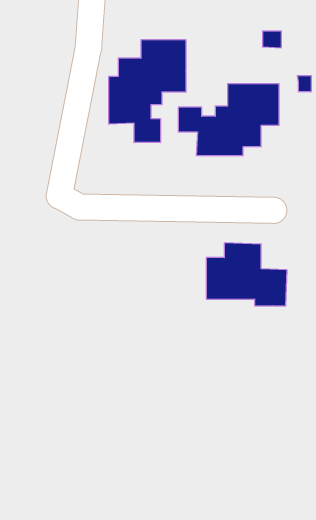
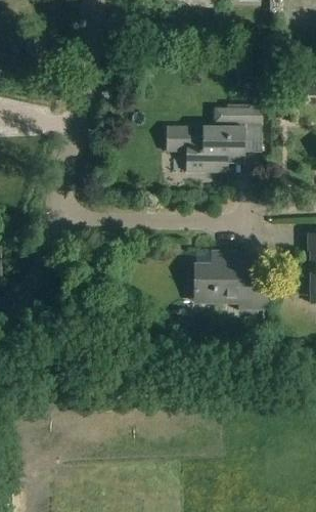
building: [109,40,186,143] -> none

